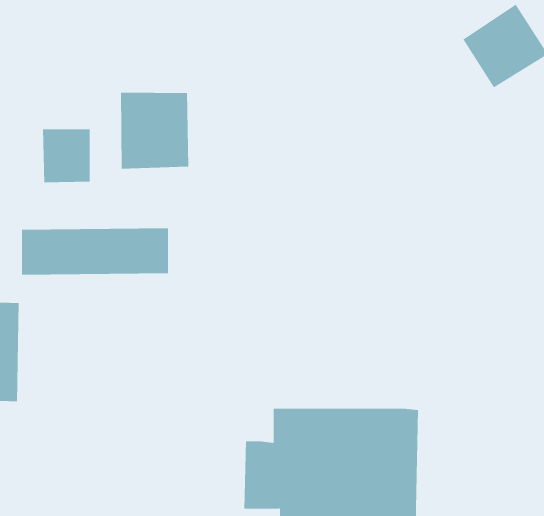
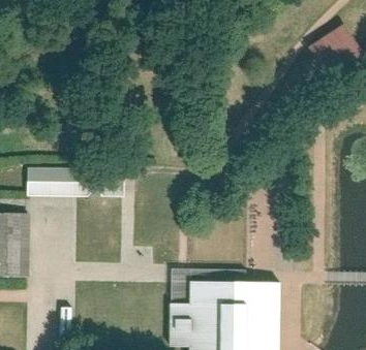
building: [120,92,189,169] -> none
building: [42,128,90,183] -> none

